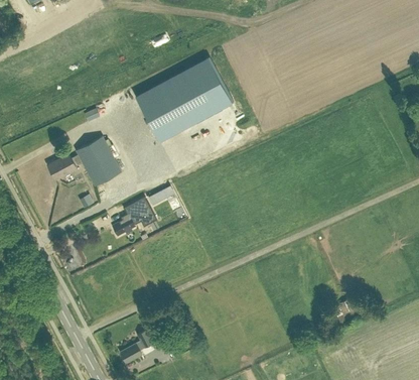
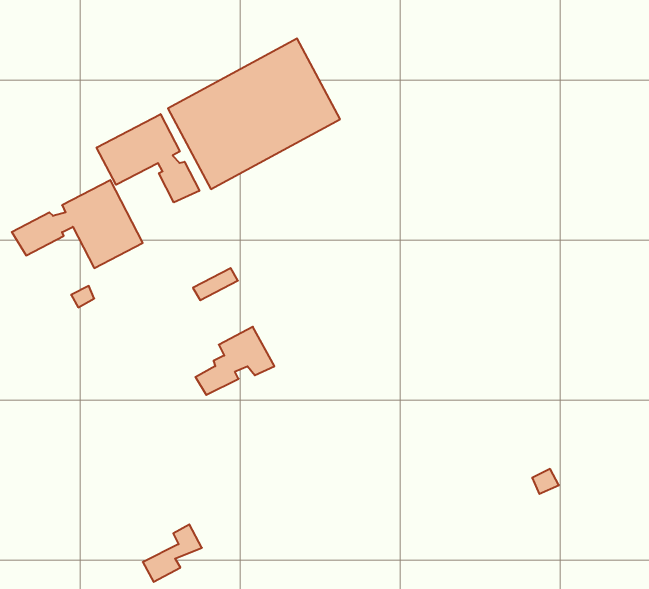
building: none -> [97,114,199,202]
building: [112,199,156,237] -> [195,327,274,395]

